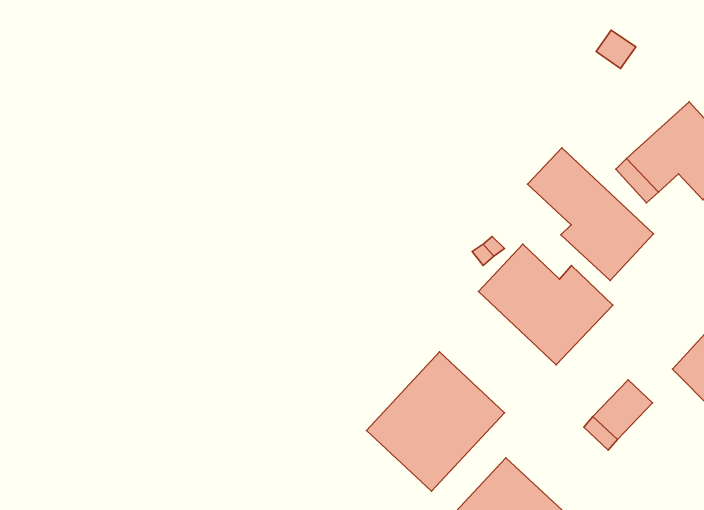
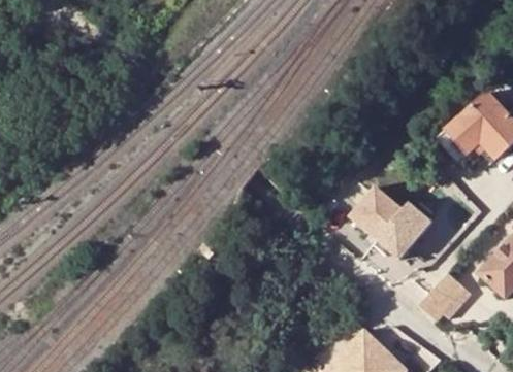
building: [527,148,653,281] -> none
building: [366,352,505,491] -> none

